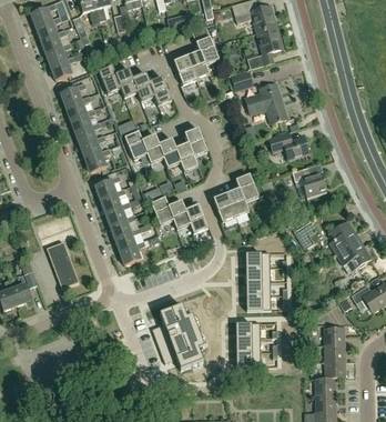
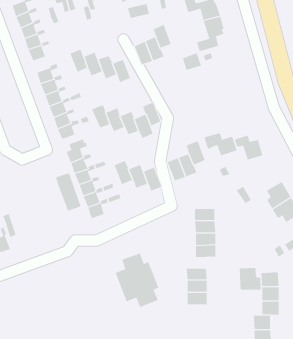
building: [244,82,286,122] -> none
building: [268,131,308,159] -> [204,132,238,156]
building: [47,241,78,287] -> [55,173,82,211]
building: none -> [239,267,261,291]

